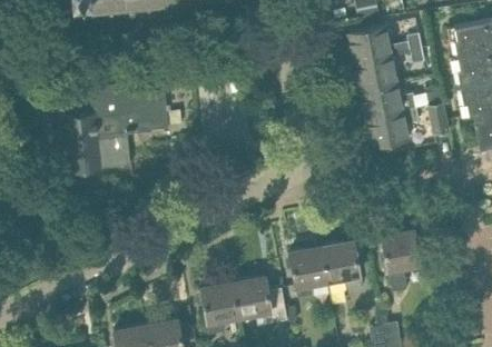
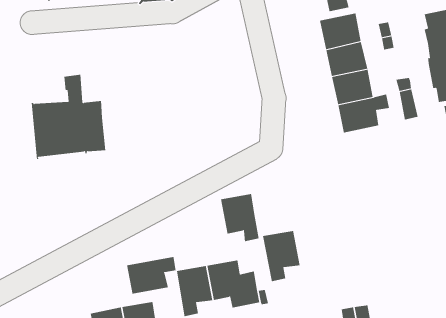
building: [105,82,169,132] -> none
building: [382,230,421,293] -> none
building: [322,241,362,290] -> [220,194,260,242]
building: none -> [126,256,176,295]

